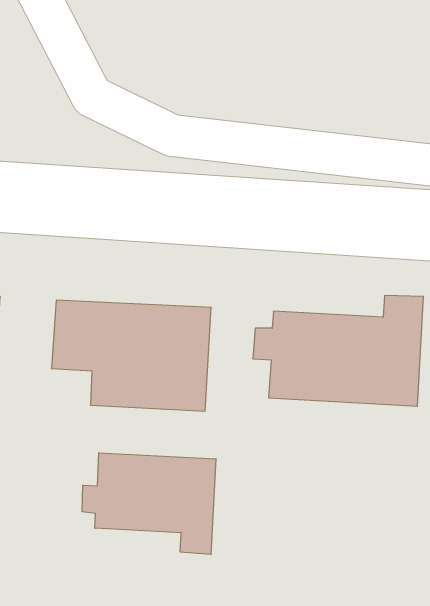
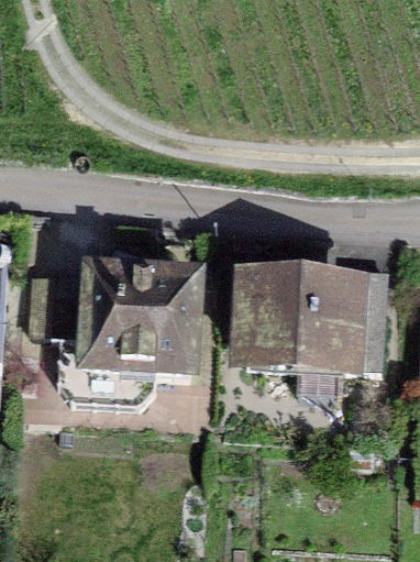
building: [82,453,216,555] -> none

